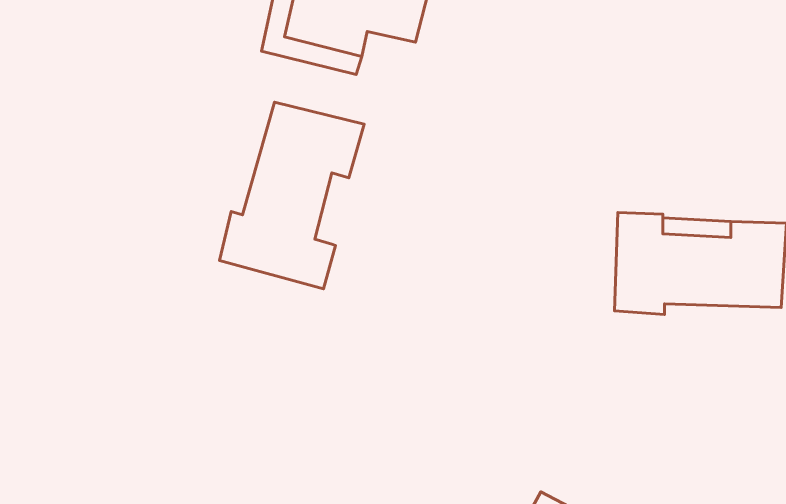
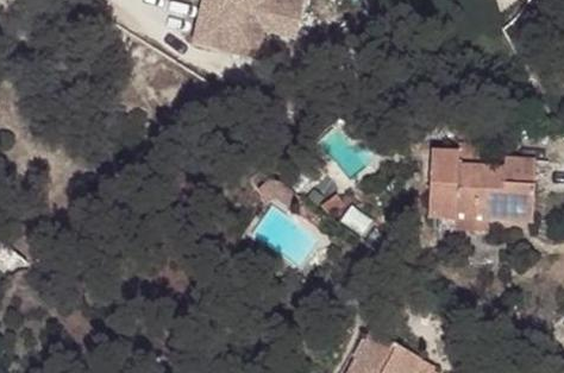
building: [219,102,364,289] -> none

